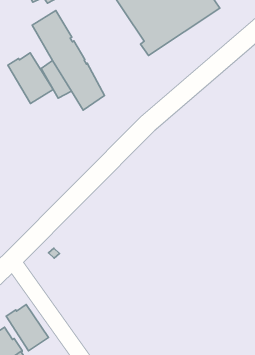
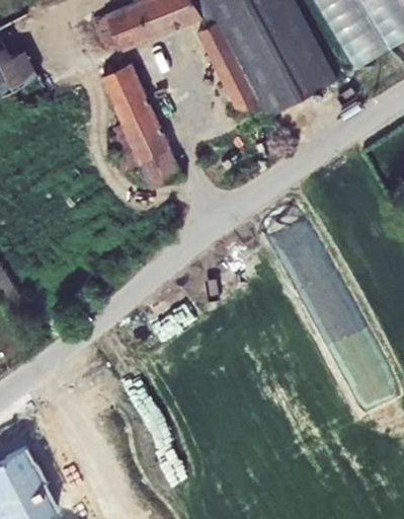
building: [8,53,53,103] -> none
building: [6,304,48,351] -> none

